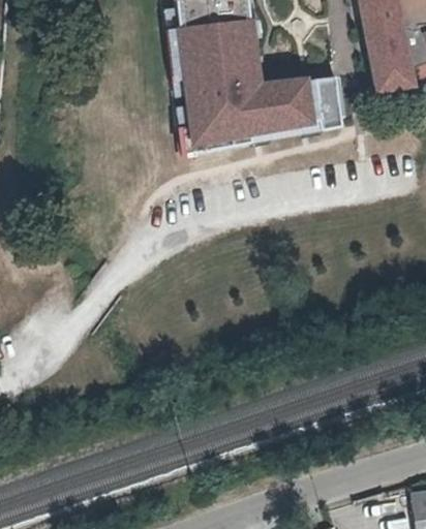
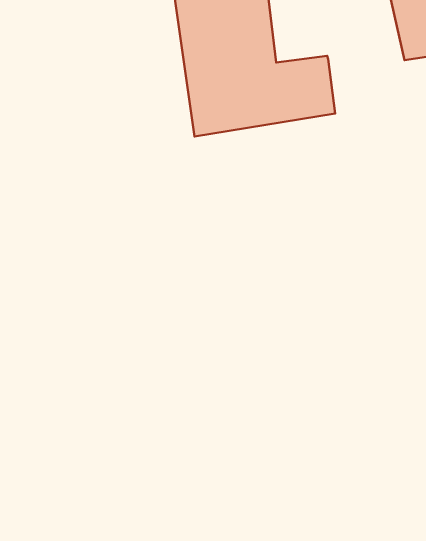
building: [308,76,346,130] -> none

